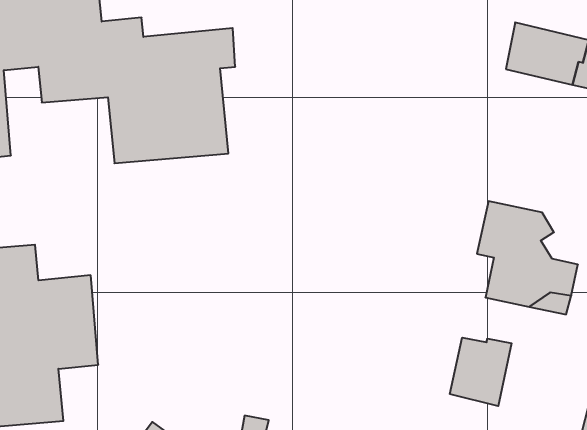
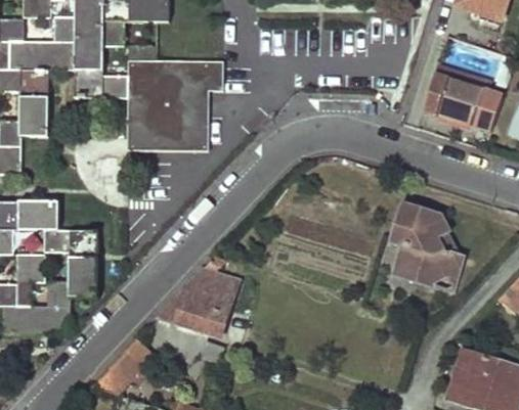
building: none -> [157,258,236,337]
building: [450,338,512,406] -> none

